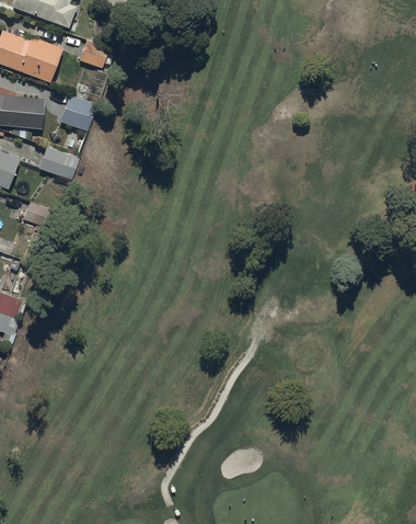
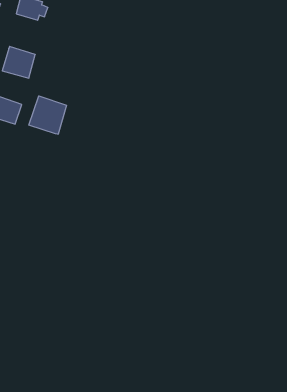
building: none -> [29,96,66,134]

